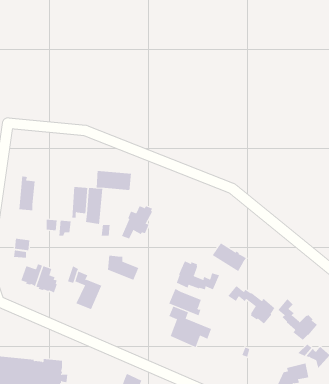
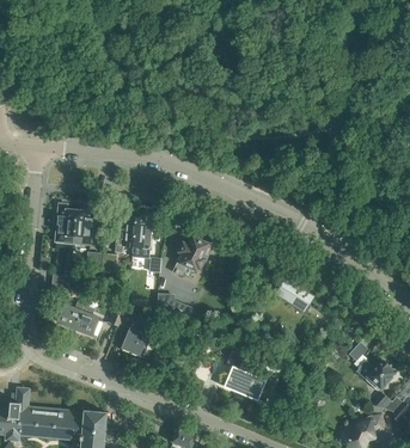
building: [96,170,132,191] -> none
building: none -> [73,205,93,244]
building: [176,261,220,290] -> none
building: [228,285,275,324] -> none
building: [168,288,202,316] -> none

